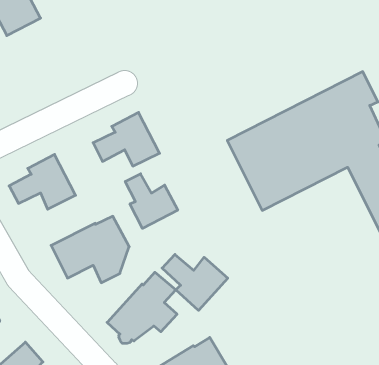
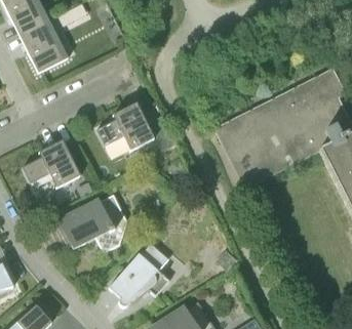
building: none -> [19,19,68,72]
building: [125,174,178,228] -> none
building: [162,254,228,310] -> none

